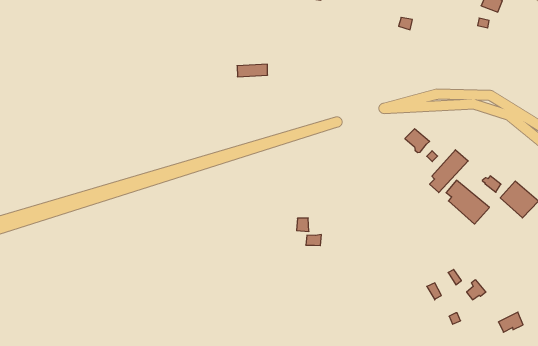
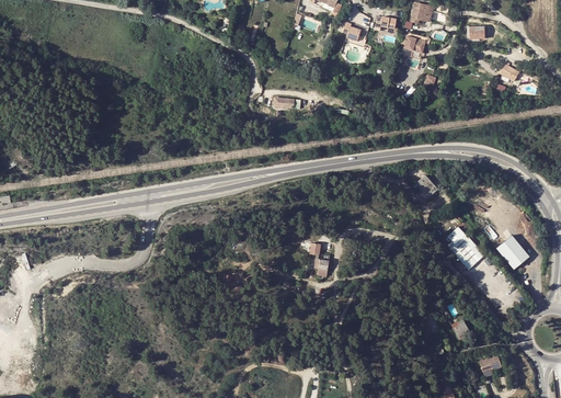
building: [430,150,468,193] -> none

